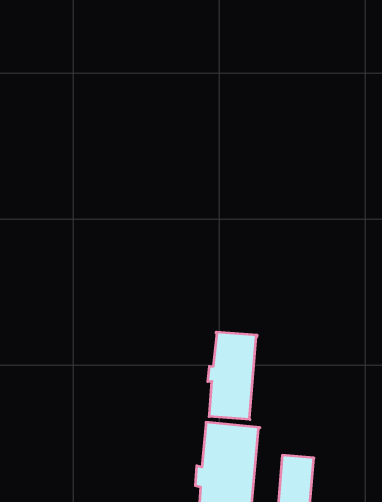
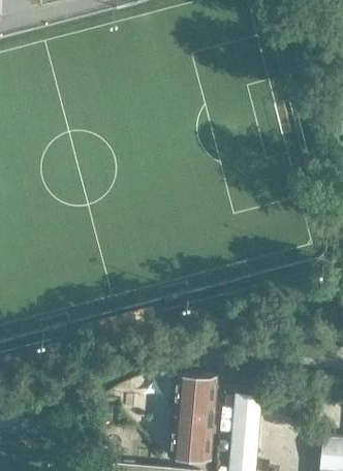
building: [208,332,257,420] -> none

